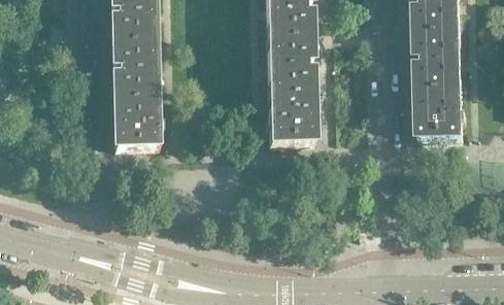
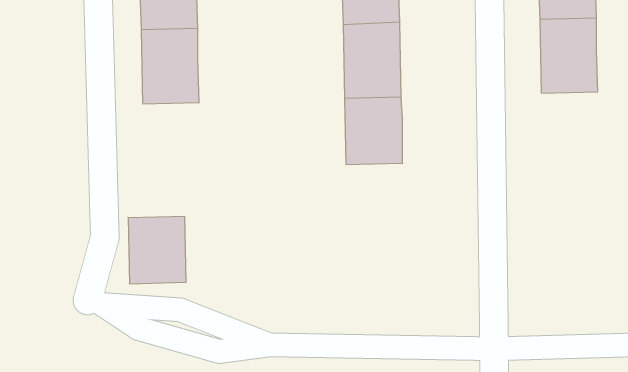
building: [418,88,463,139] -> none
building: [113,96,158,147] -> [128,216,186,284]

